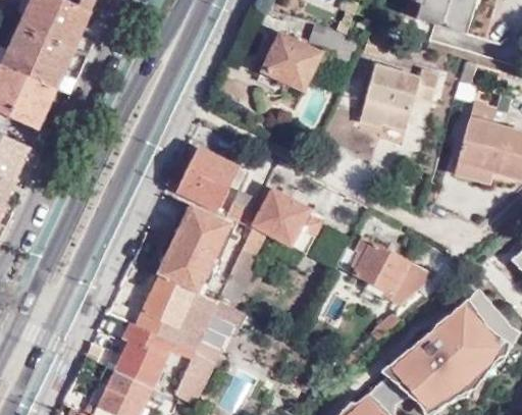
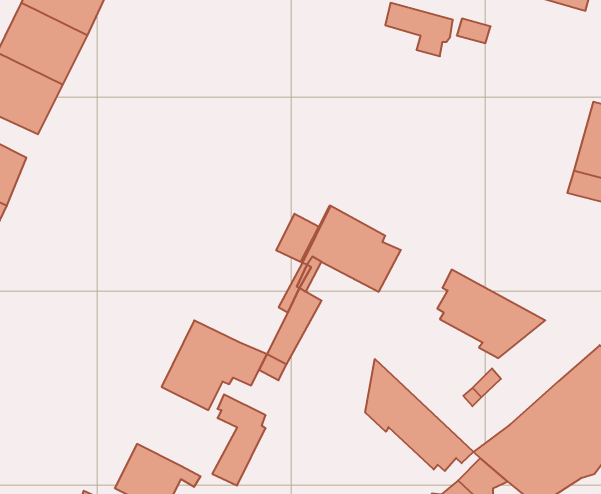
building: [258,32,317,88] -> none
building: [360,63,439,128] -> none
building: [177,149,236,207] -> none
building: [159,209,226,291] -> none
building: none -> [365,359,474,471]
building: [113,324,170,387] -> none

